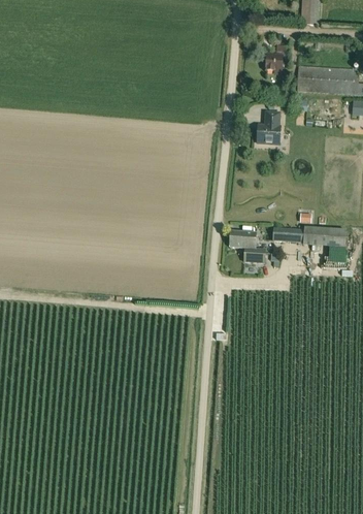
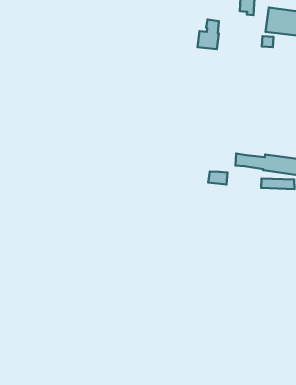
building: [258,111,280,143] -> [197,20,219,49]
building: [229,231,256,249] -> none

